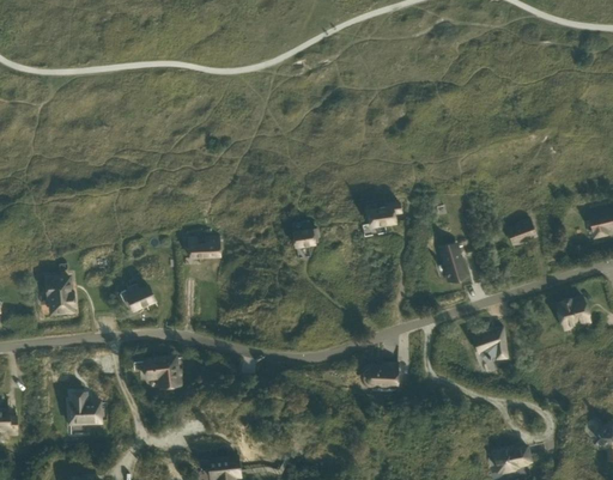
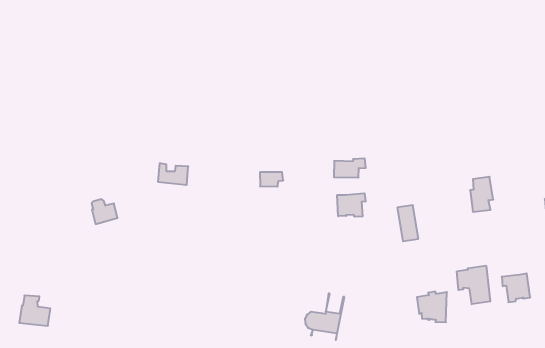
building: none -> [337,193,366,217]
building: [45,275,73,311] -> none
building: none -> [457,266,490,304]
building: [142,356,182,387] -> none

